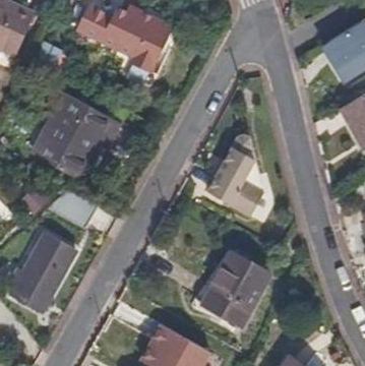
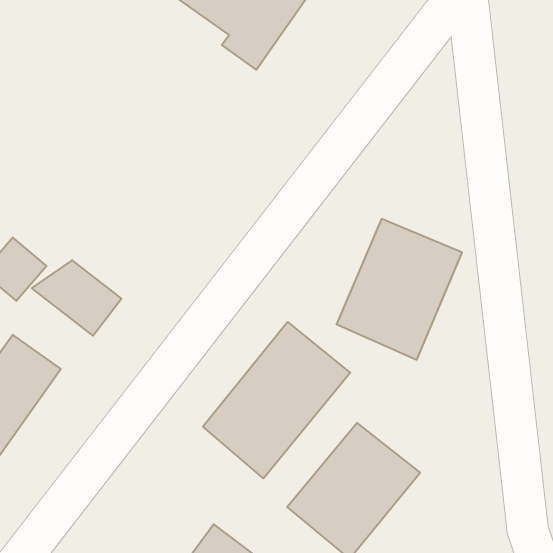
building: [37,90,120,179] -> none
building: none -> [203,322,350,478]

